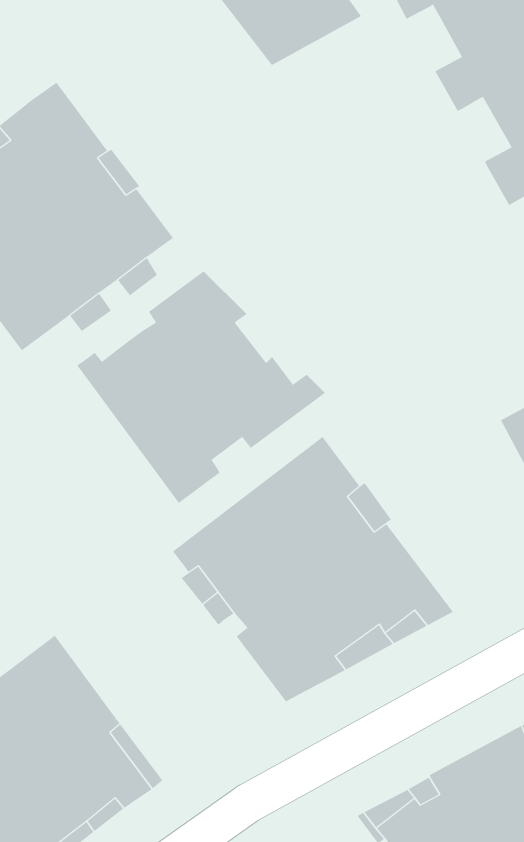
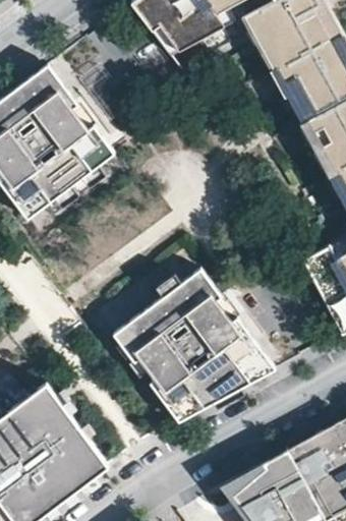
building: [77,270,326,504] -> none

